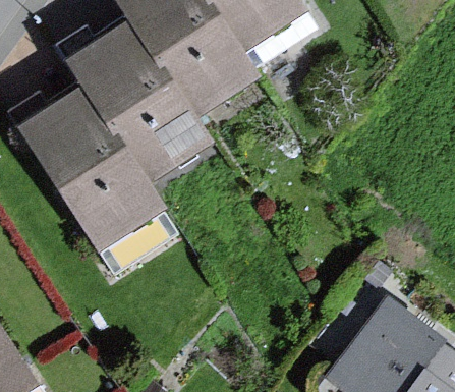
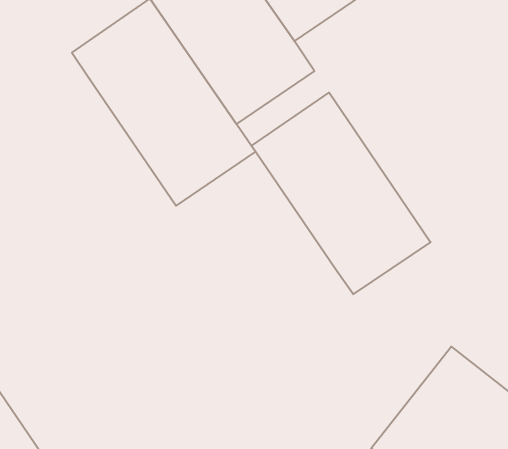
building: [18,79,168,247] -> none
building: none -> [251,93,431,294]

